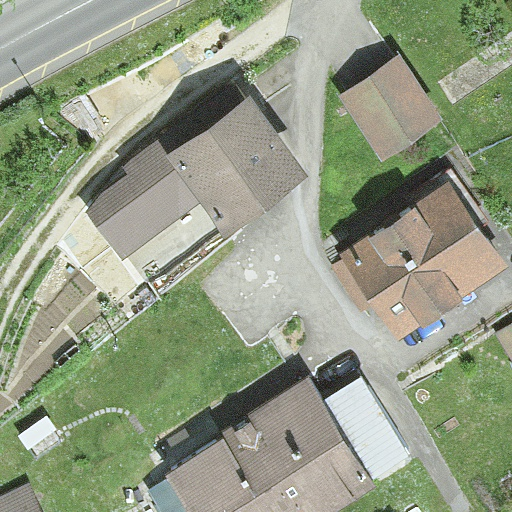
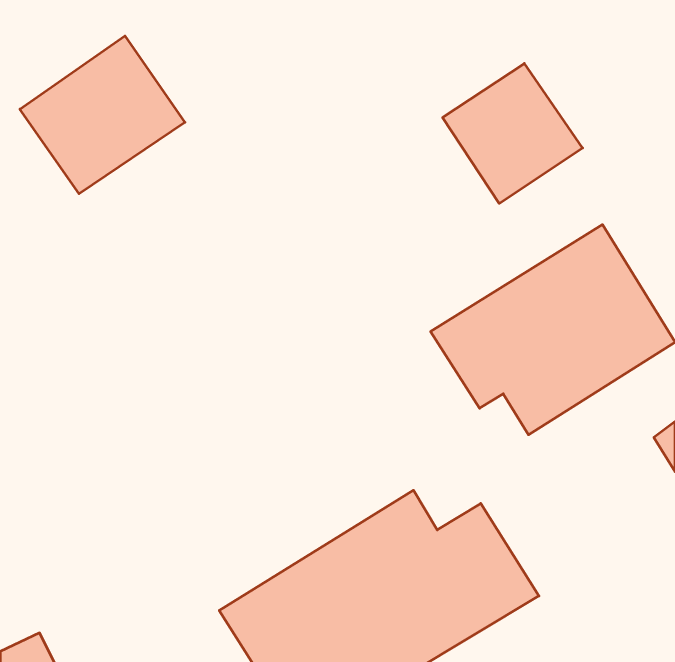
building: none -> [20,36,185,194]
building: [81,91,308,267] -> none

